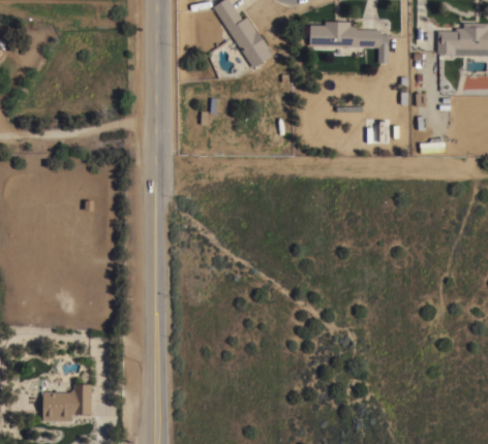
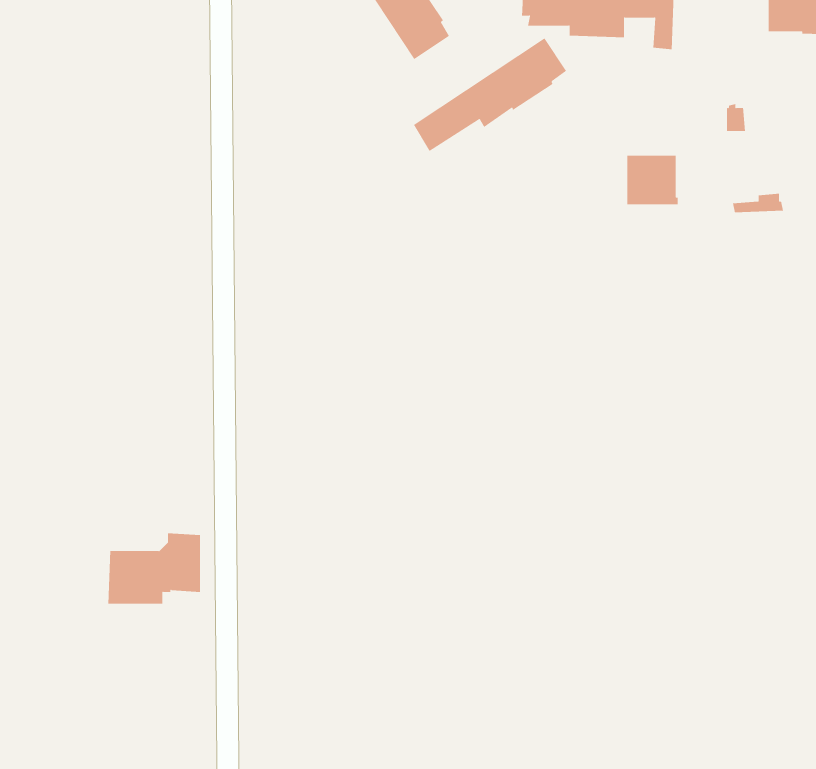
building: none -> [413,37,567,152]
building: [42,383,91,420] -> [107,533,201,604]

